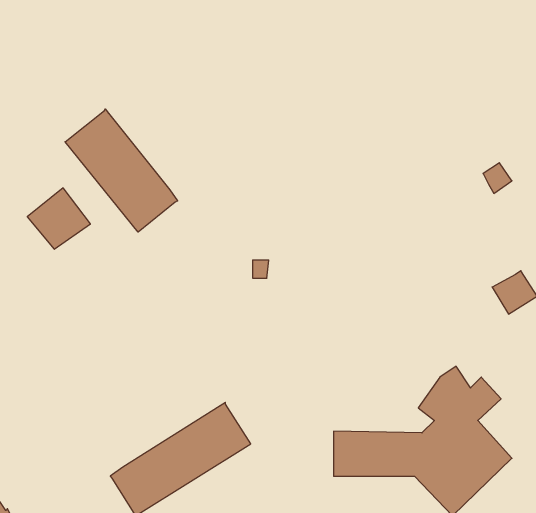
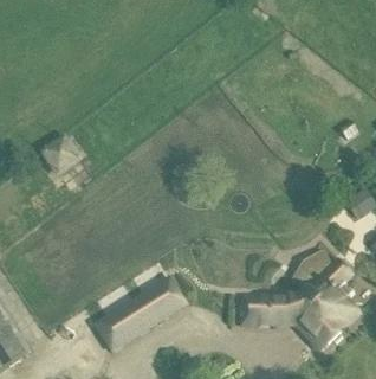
building: [65,109,178,232] -> none

